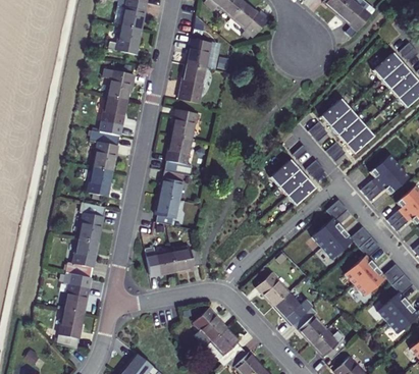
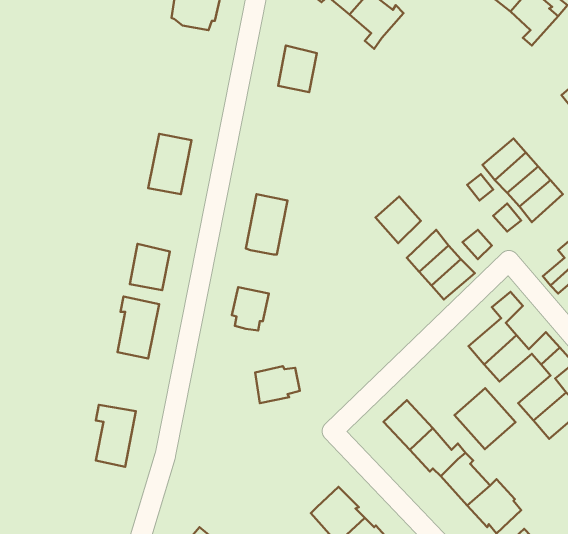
building: [109,24,143,54] -> none
building: [178,64,206,103] -> none
building: [103,68,136,100] -> none
building: [171,109,197,140] -> none
building: [93,131,121,173] -> none
building: none -> [376,197,421,243]
building: [159,172,184,201] -> none
building: [67,239,100,278] -> none
building: [146,253,173,276] -> none
building: none -> [454,388,515,449]
building: [193,309,225,348] -> none
building: [58,311,85,350] -> none

